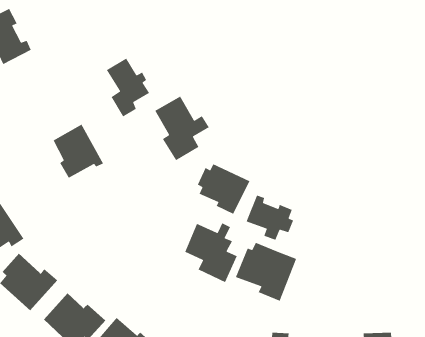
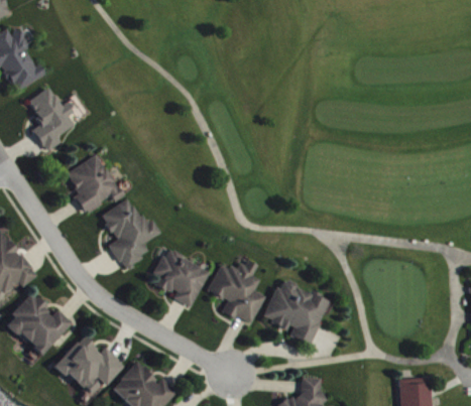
building: [106,57,150,118] -> [26,88,74,152]
building: [154,95,210,161] -> [100,198,159,269]
building: [197,163,250,215] -> [151,252,209,307]
building: [246,195,294,241] -> none

